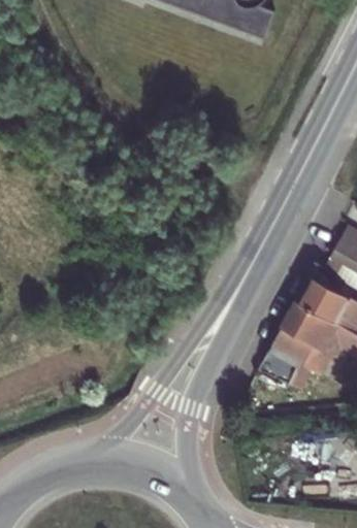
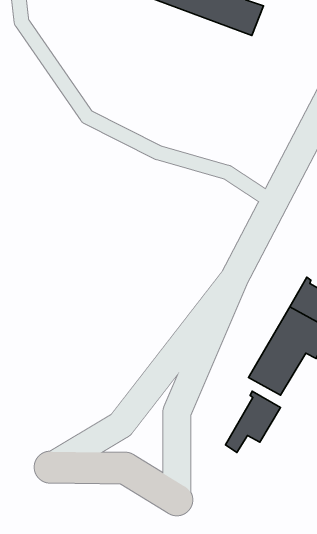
building: none -> [225,391,280,452]

